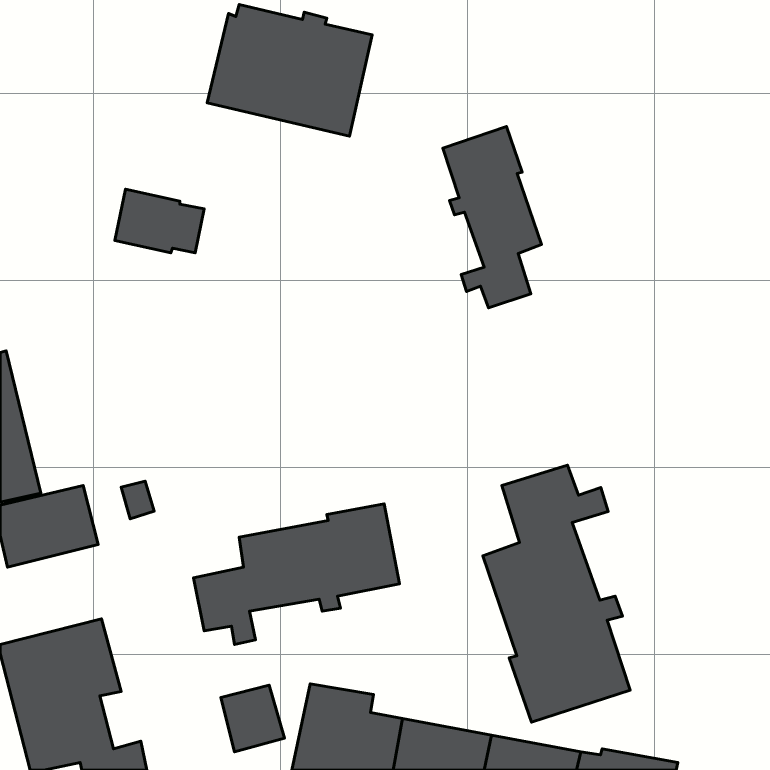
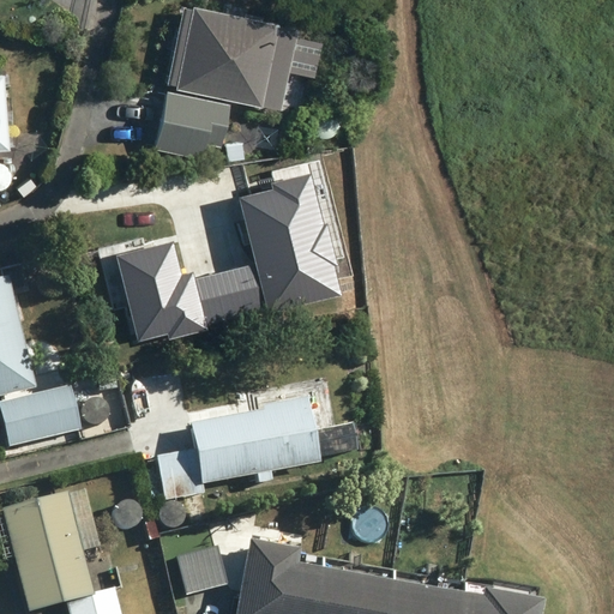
building: [443,127,542,308] -> none
building: [115,189,204,253] -> [156,104,227,155]
building: none -> [119,170,344,338]
building: [483,465,630,722] -> none

